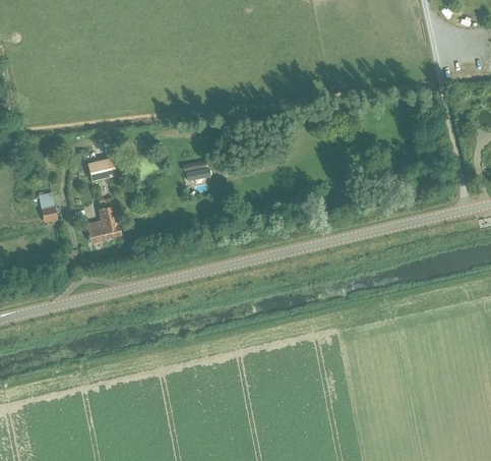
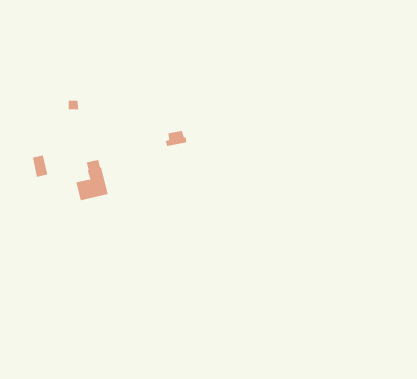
building: [87,157,115,179] -> none

